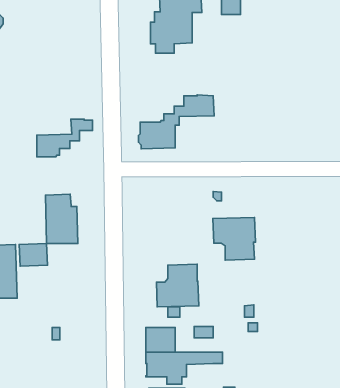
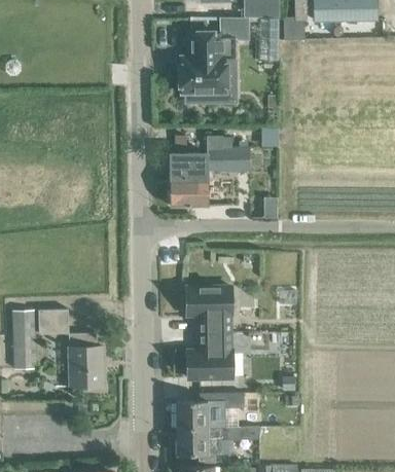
building: [37,119,93,157] -> [171,136,231,177]
building: [46,194,78,243] -> [69,332,104,386]
building: [213,218,255,260] -> [186,286,232,332]

